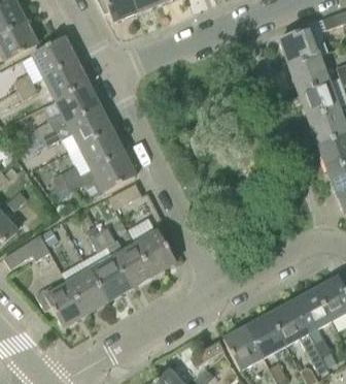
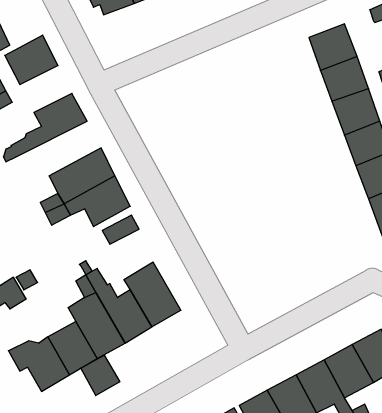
building: [45,61,88,99] -> none
building: [34,106,111,151] -> none
building: none -> [81,355,120,396]

